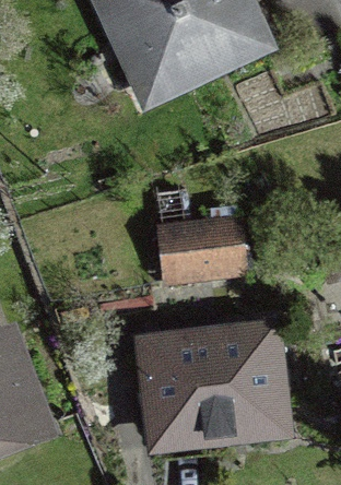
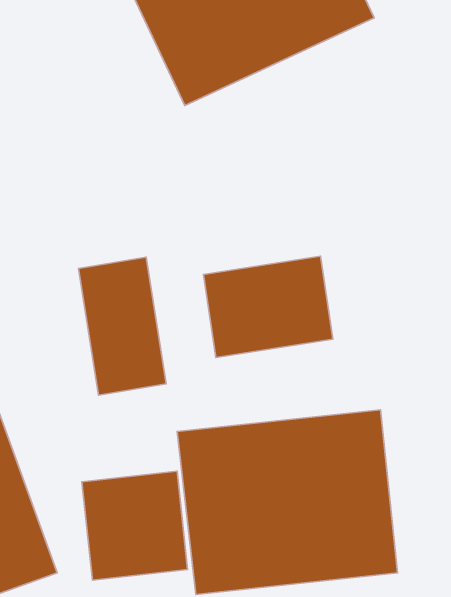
building: none -> [79,257,166,395]
building: none -> [82,471,188,580]

